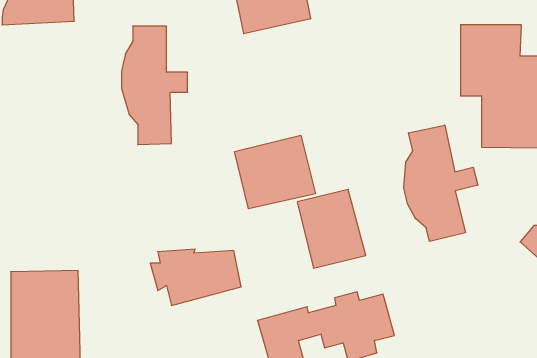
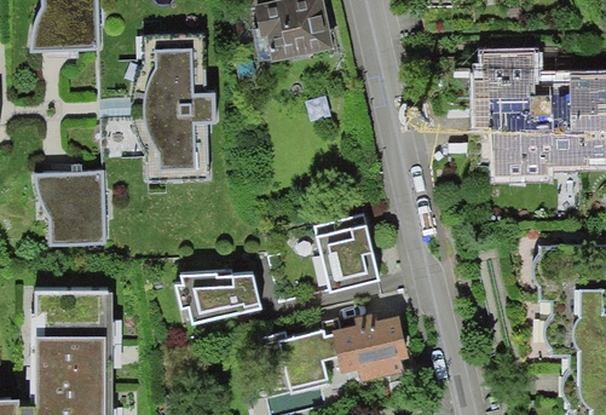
building: [404,125,478,241] -> none
building: [235,135,315,209] -> none
building: none -> [36,174,104,247]

